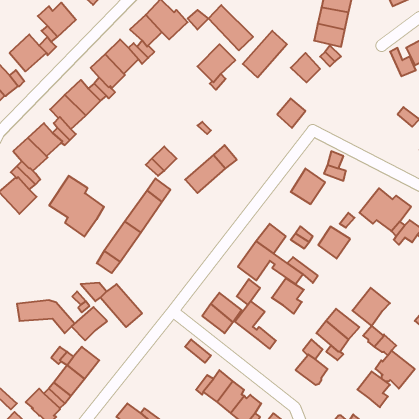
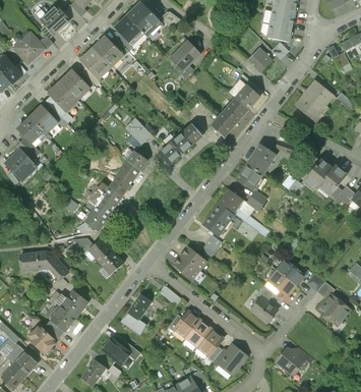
building: [208,5,253,50] -> none
building: [243,31,287,77] -> [212,99,248,137]
building: none -> [295,80,334,120]
building: [49,176,104,237] -> none
building: [318,227,350,259] -> [237,163,263,189]
building: [272,278,304,314] -> none
building: [352,288,390,326] -> none
building: [235,301,276,349] -> none
building: [72,307,107,340] -> none
building: none -> [122,293,153,334]
building: [357,371,390,407] -> none

